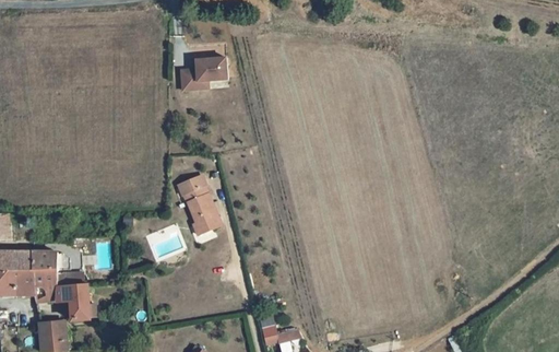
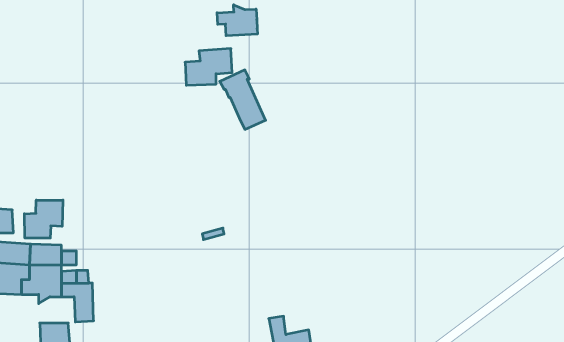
building: none -> [217,5,257,36]
building: [176,175,219,232] -> [220,70,266,129]
building: none -> [24,200,63,238]

